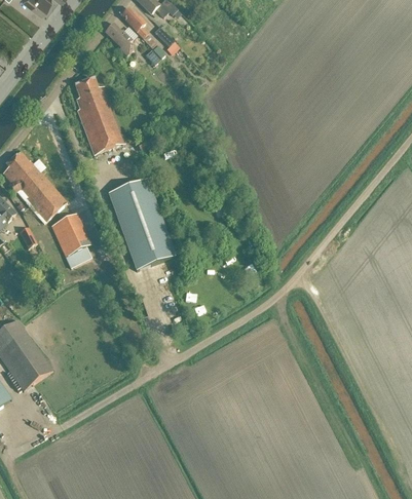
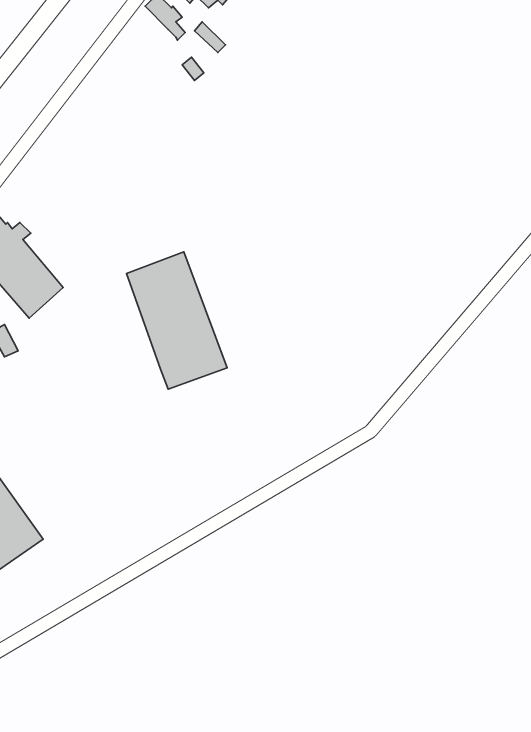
building: [105,23,134,55] -> none
building: [74,78,124,154] -> none
building: [50,214,90,268] -> none

